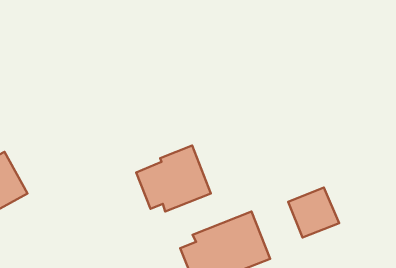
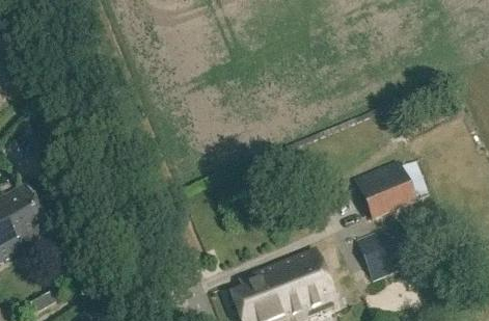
building: none -> [356,170,427,222]
building: [136,145,211,212] -> none

